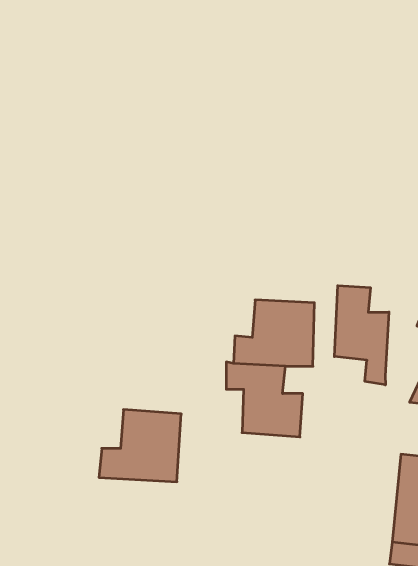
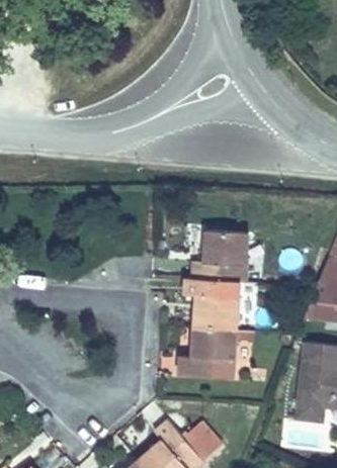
building: [334,286,389,385] -> none
building: [99,410,181,482] -> [178,327,236,378]

